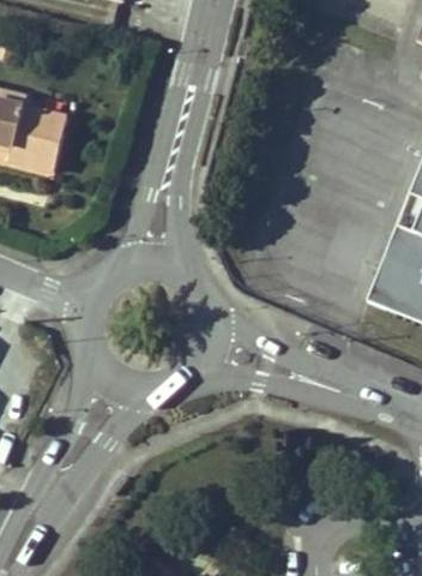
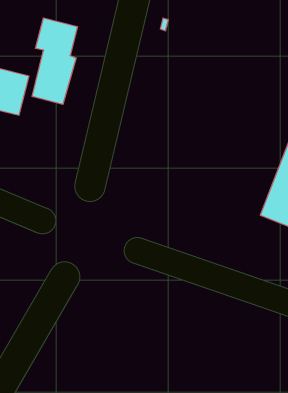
building: none -> [32,18,78,104]

